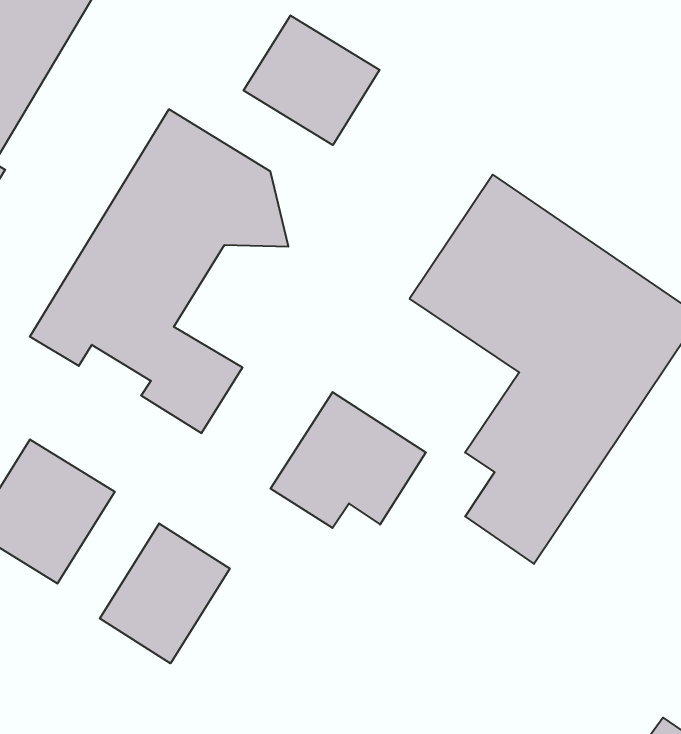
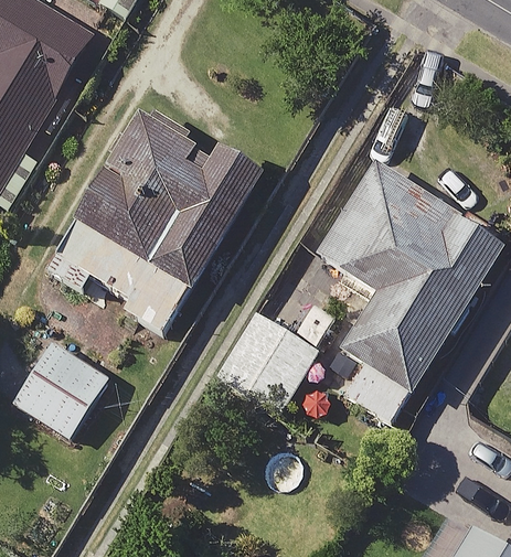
building: [244,15,380,145] -> none
building: [100,523,230,663] -> none

